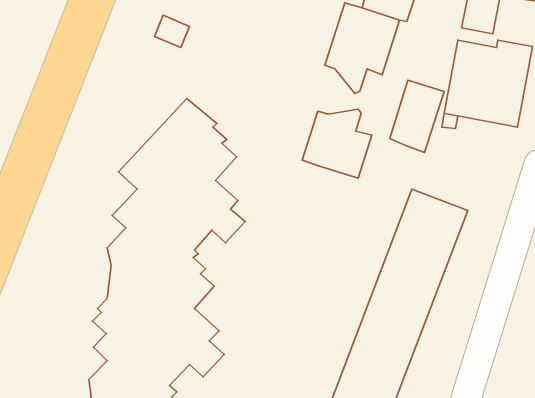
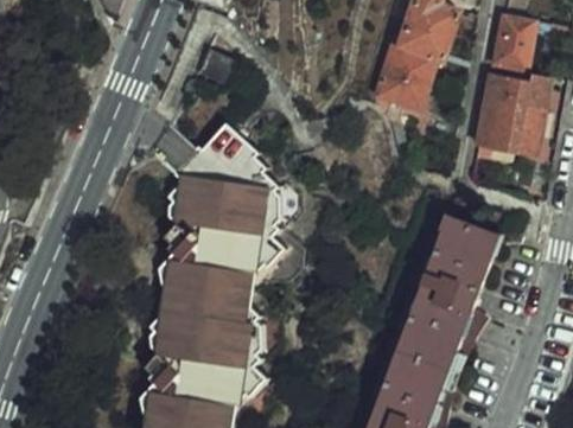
building: [390,80,444,152] -> none
building: [302,109,372,178] -> none

